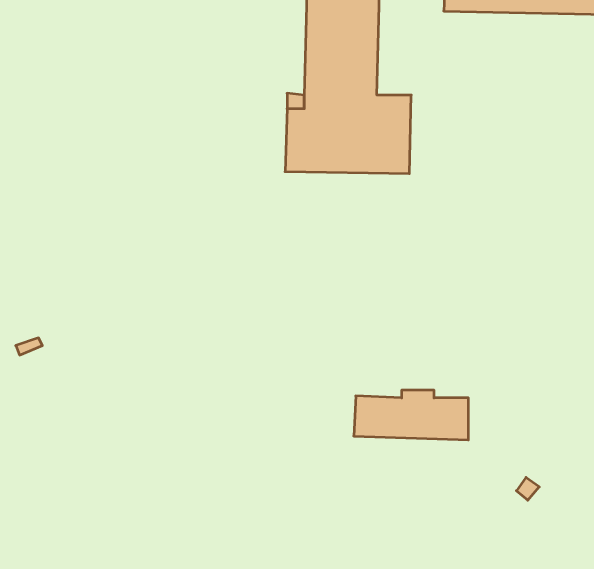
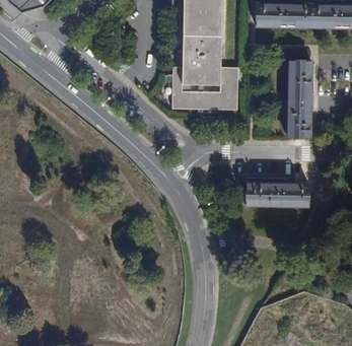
building: none -> [287,61,312,137]
building: [354,390,468,440] -> [247,180,307,206]

